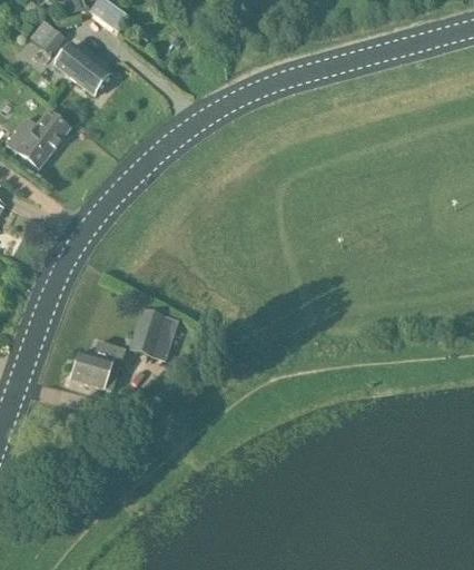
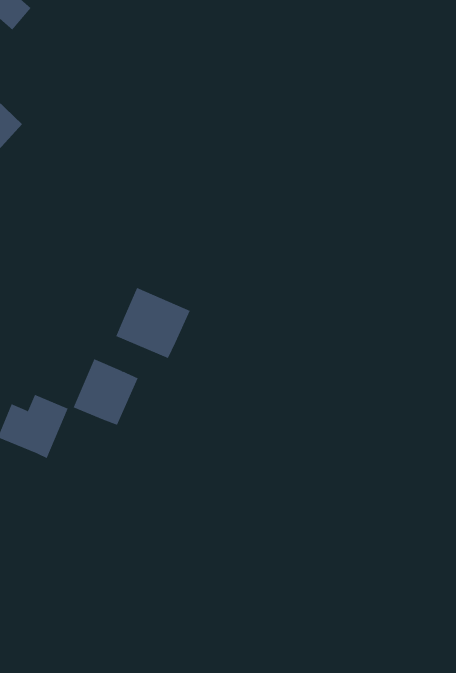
building: [57,42,112,95] -> none
building: none -> [115,287,191,359]

